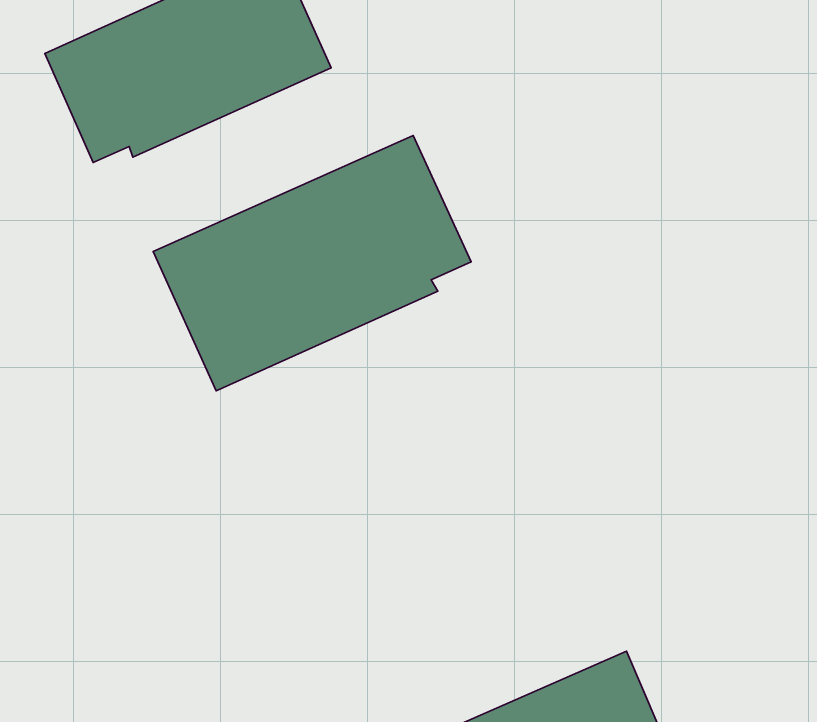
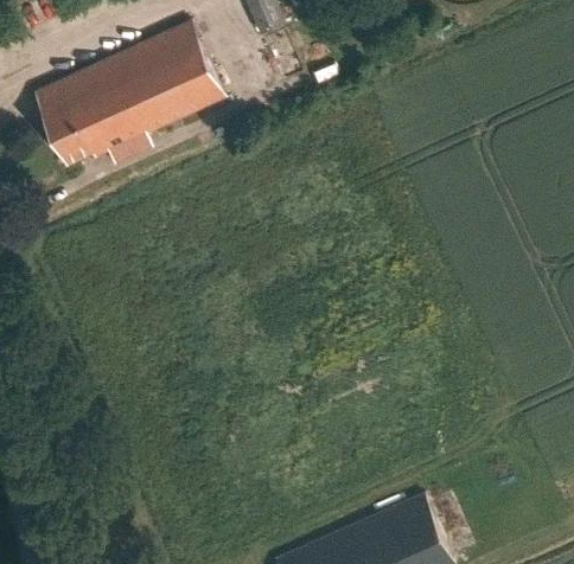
building: [153,135,471,391] -> none

